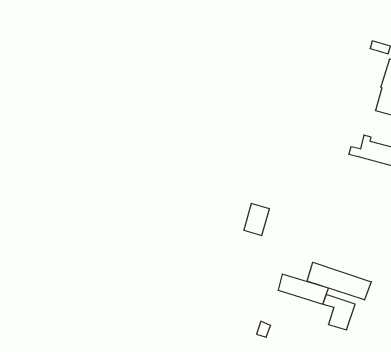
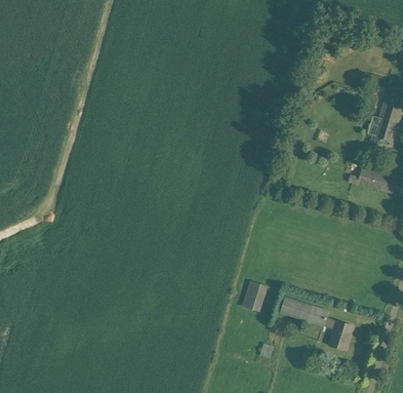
building: [244,203,269,235] -> [241,280,266,311]
building: [307,262,371,300] -> none

